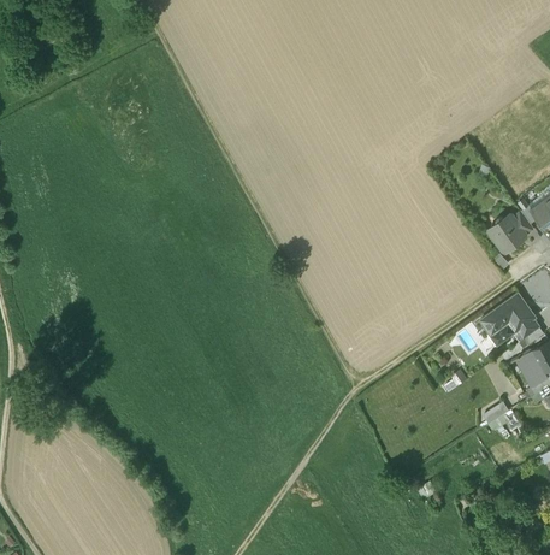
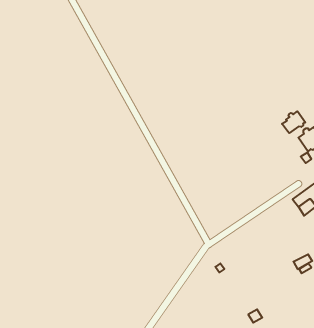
building: none -> [282,111,305,133]

